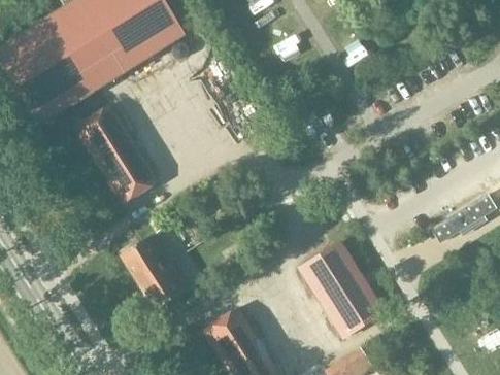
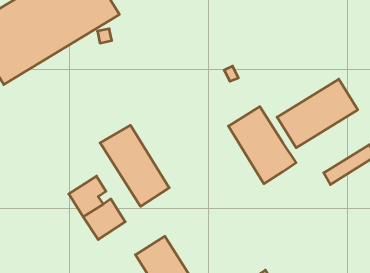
building: [73,105,158,204] -> [100,125,169,206]
building: none -> [277,79,358,148]
building: [302,242,385,336] -> [228,107,296,184]

